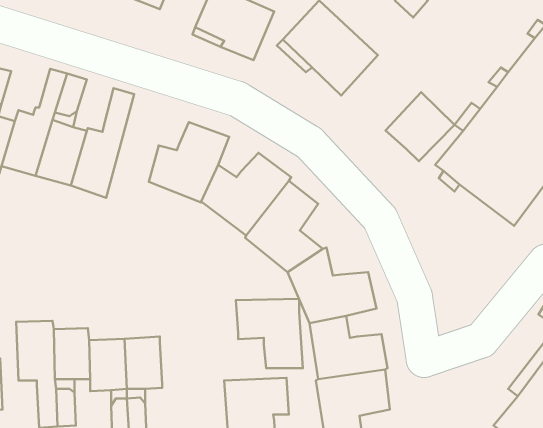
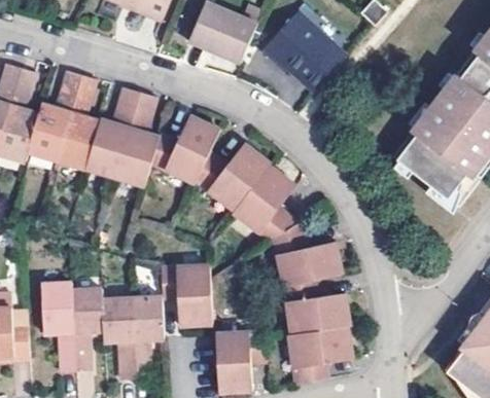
building: [385,92,455,161] -> none
building: none -> [115,92,160,187]
building: [236,299,303,368] -> [159,267,215,326]

